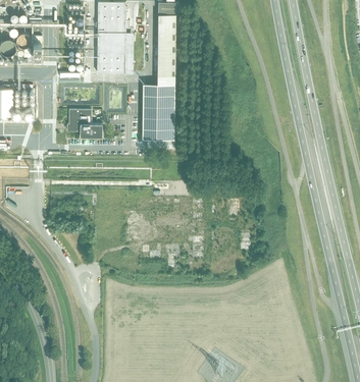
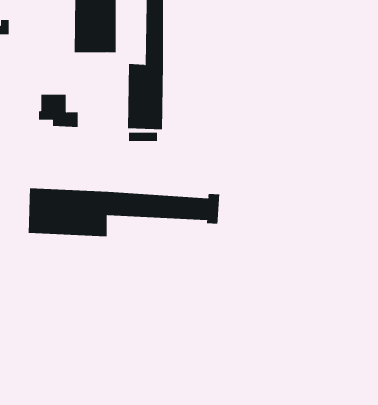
building: none -> [28,187,220,237]

